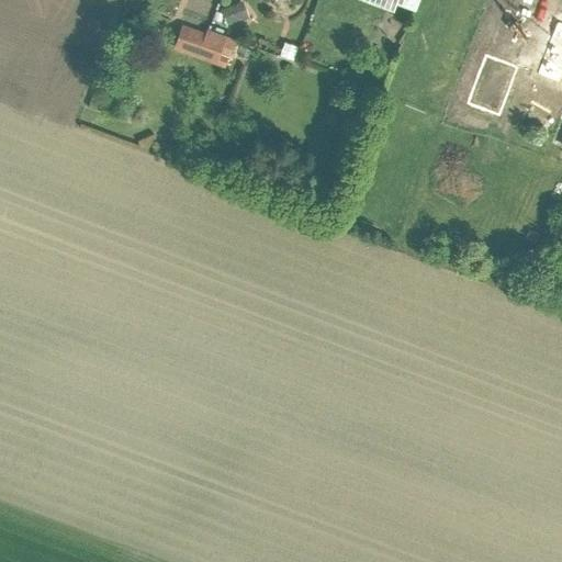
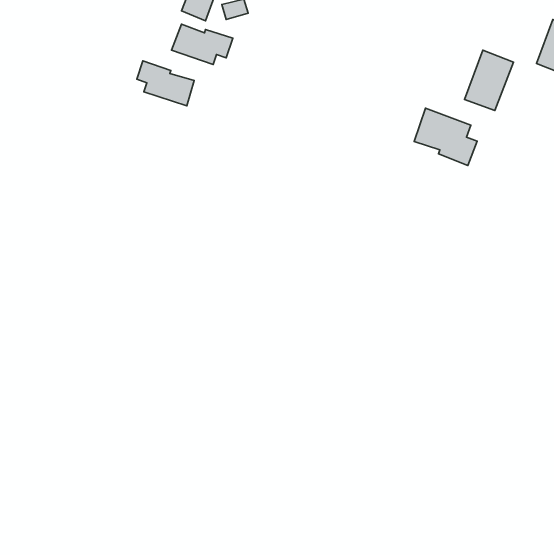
building: none -> [137,61,194,106]
building: none -> [414,108,477,166]

